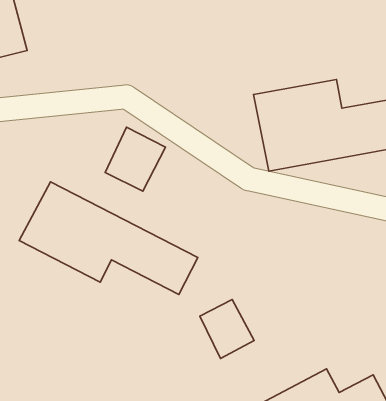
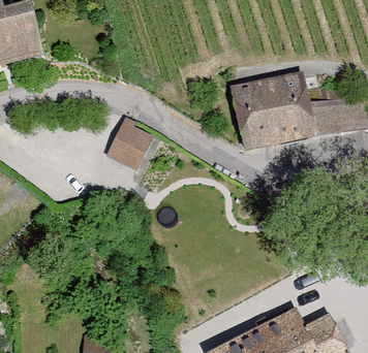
building: [19,182,198,294] -> none
building: [200,300,254,359] -> none

